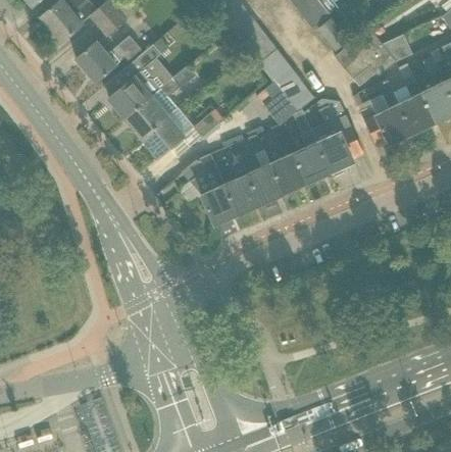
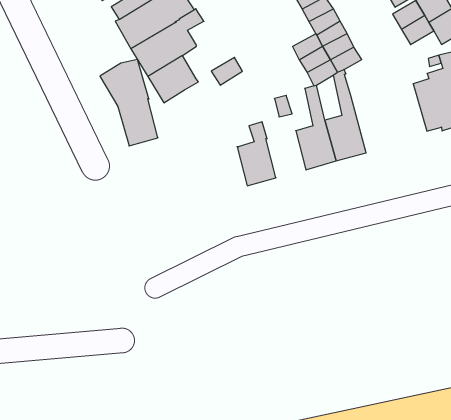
building: [311,98,362,172] -> none
building: [183,153,238,224] -> [100,60,158,146]
building: [247,163,284,204] -> none

